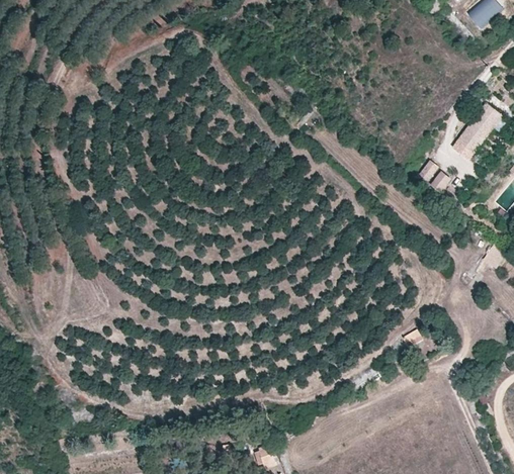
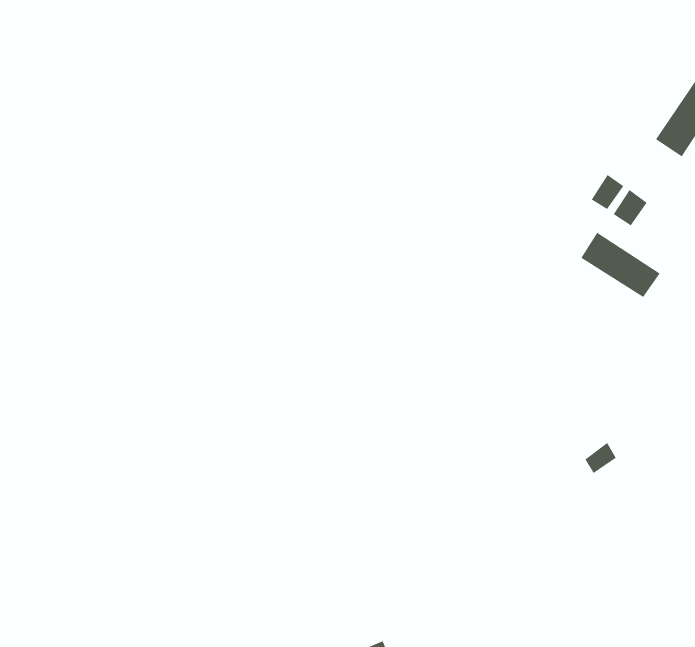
building: none -> [580,232,661,298]

